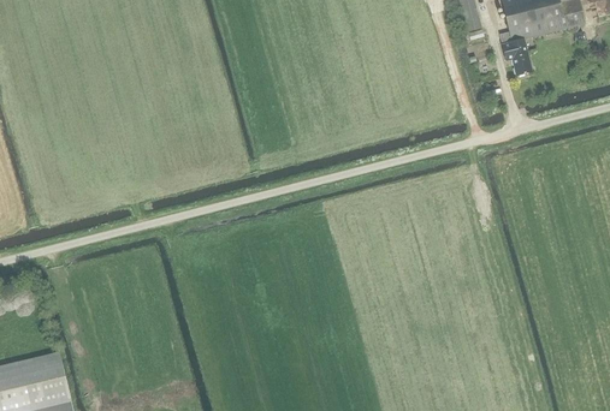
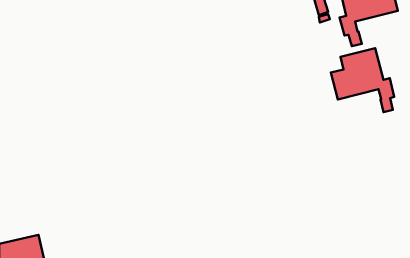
building: none -> [331,48,394,112]

